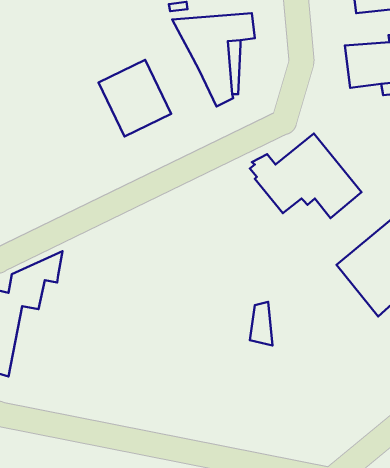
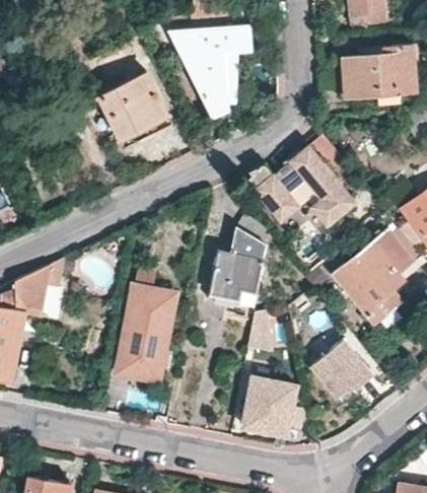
building: none -> [209,216,266,302]
building: none -> [120,274,173,379]
building: none -> [309,339,371,398]
building: none -> [242,376,303,434]

